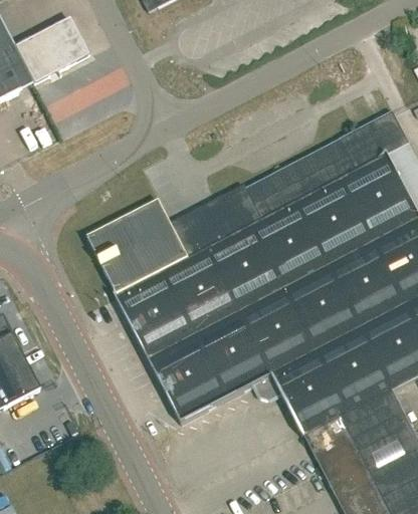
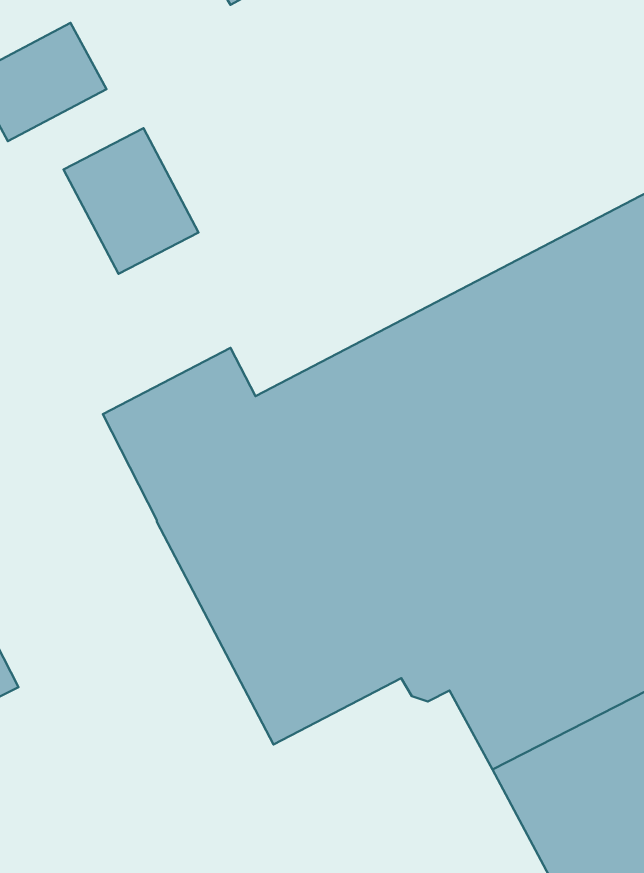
building: none -> [63,128,198,274]

